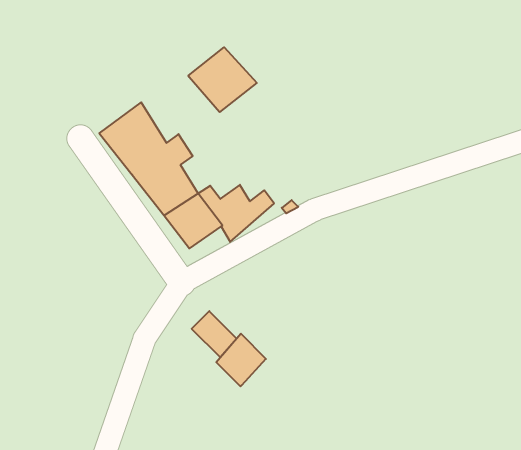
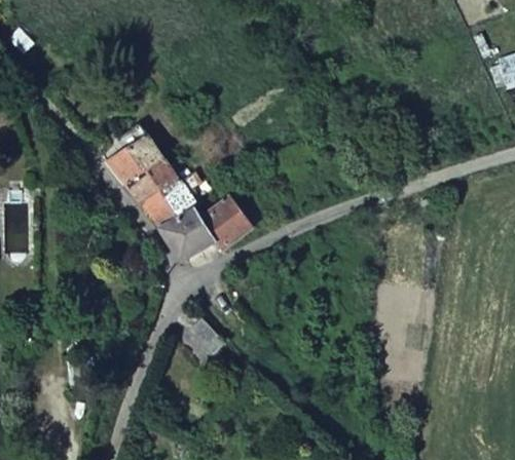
building: [188,47,257,112] -> none
building: [216,334,266,386] -> none

